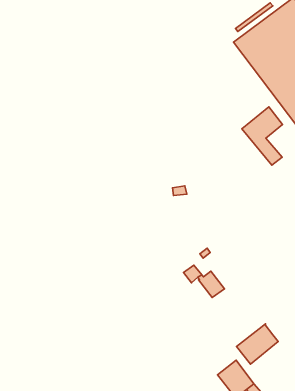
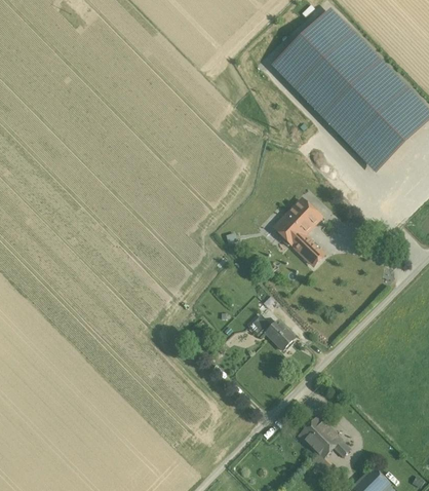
building: [242,107,283,165] -> [276,199,324,263]
building: [237,324,278,364] -> none

